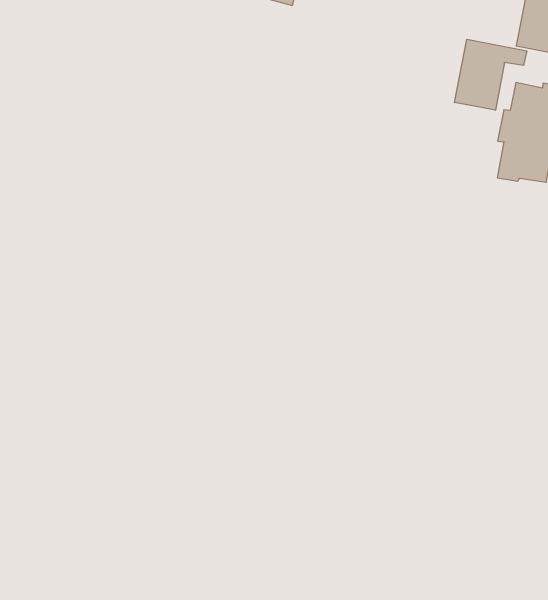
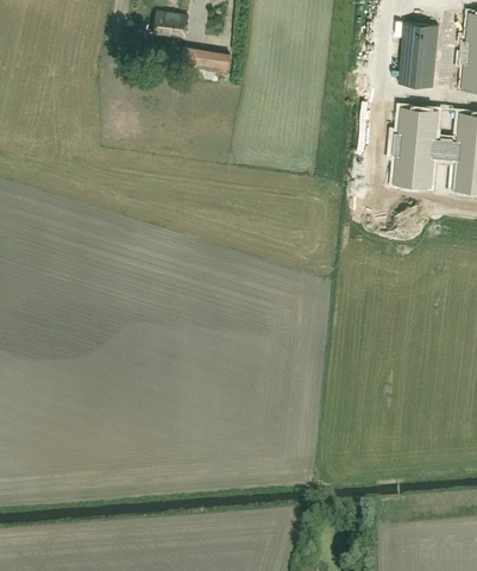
building: [454,39,527,110] -> none

